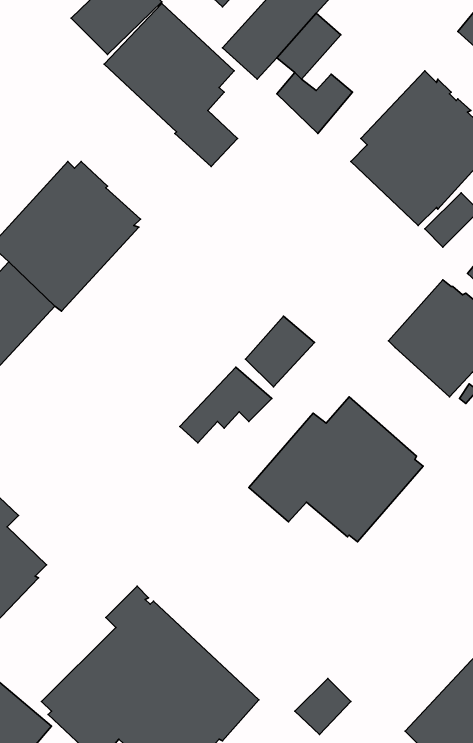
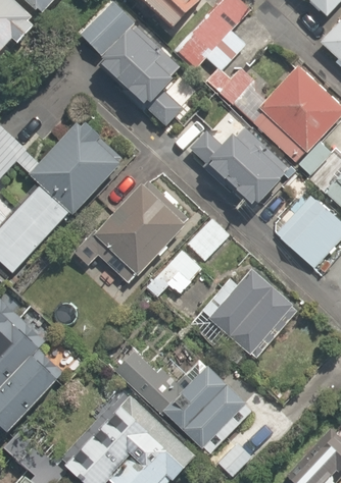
building: none -> [189,126,288,208]
building: none -> [74,180,188,281]
building: none -> [113,351,251,453]

